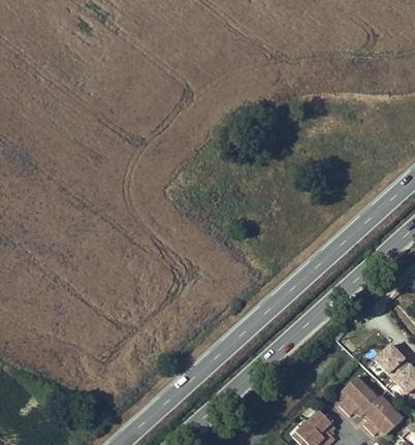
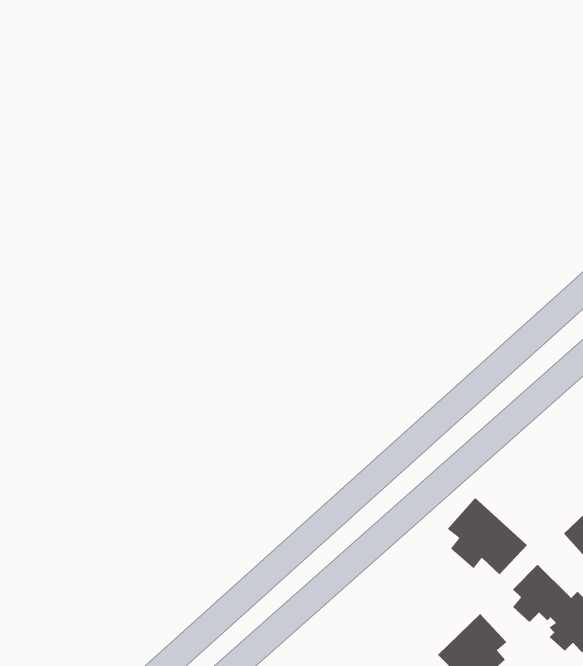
building: none -> [447,497,528,575]

